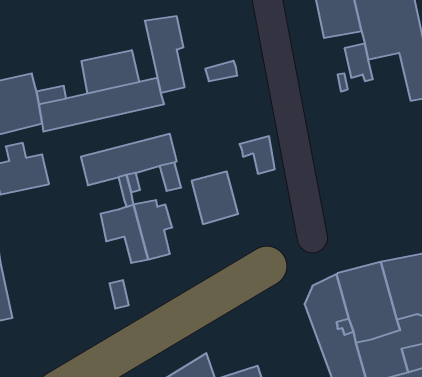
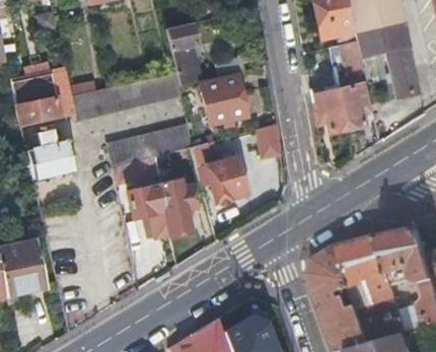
building: [81,50,139,93] -> none
building: none -> [198,78,246,127]
building: none -> [312,82,365,135]

